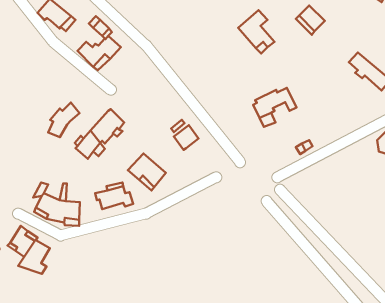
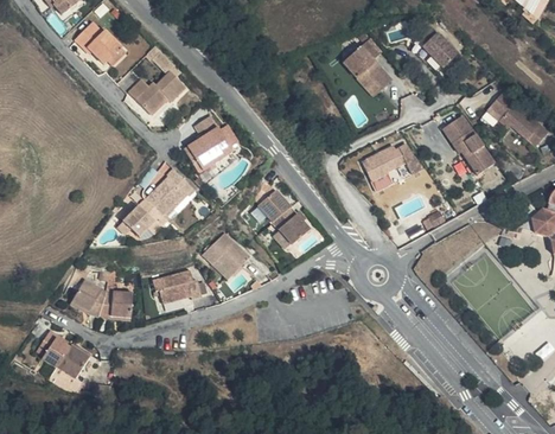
building: none -> [183,116,232,173]
building: none -> [439,116,489,172]
building: [48,102,79,137] -> none
building: none -> [274,209,310,244]

